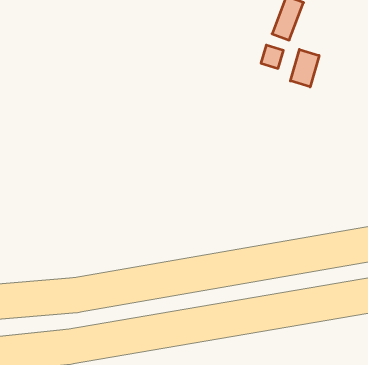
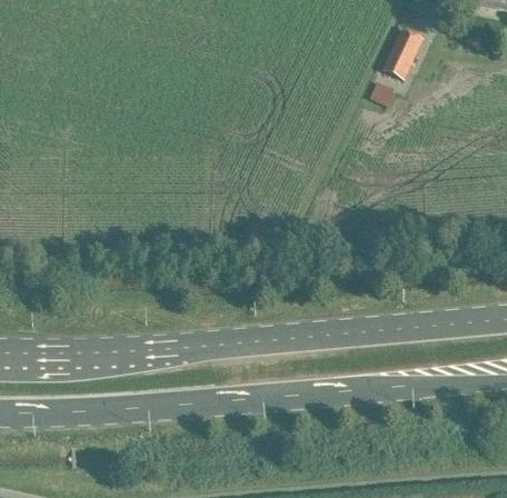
building: [290,49,319,87] -> none

